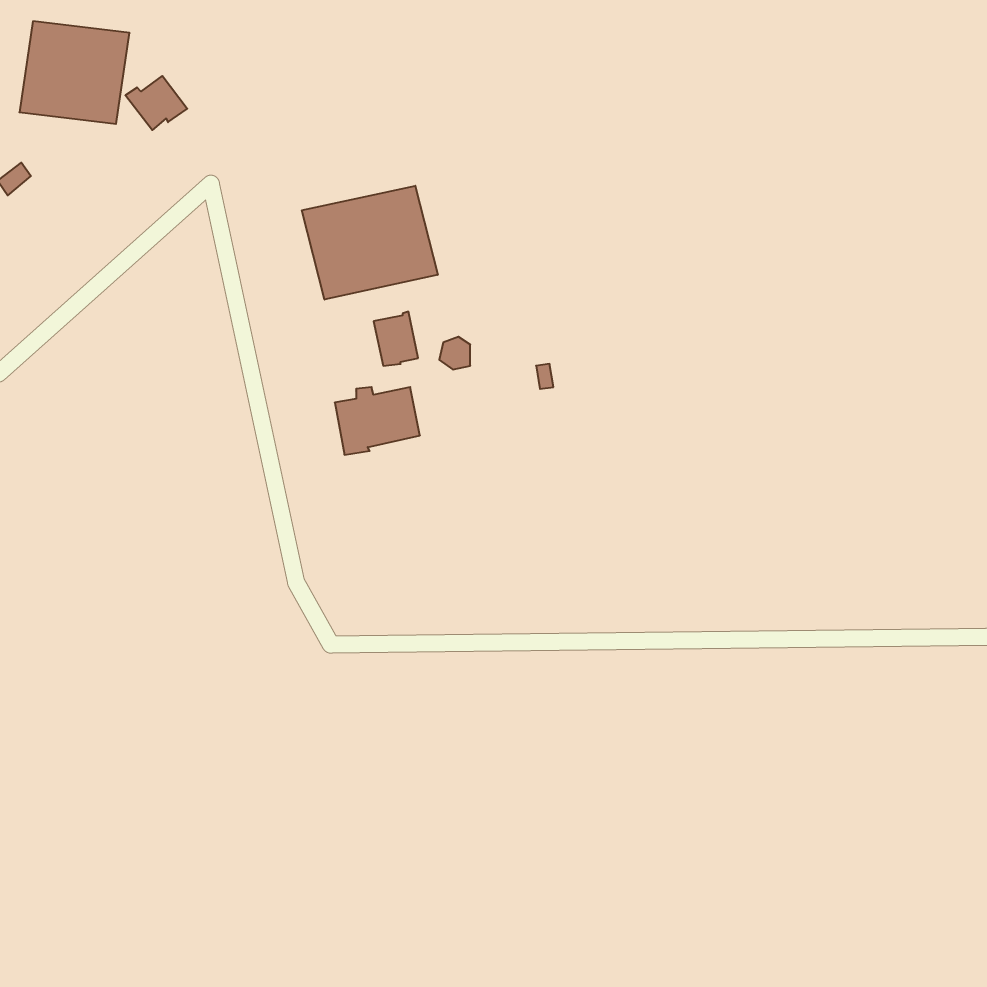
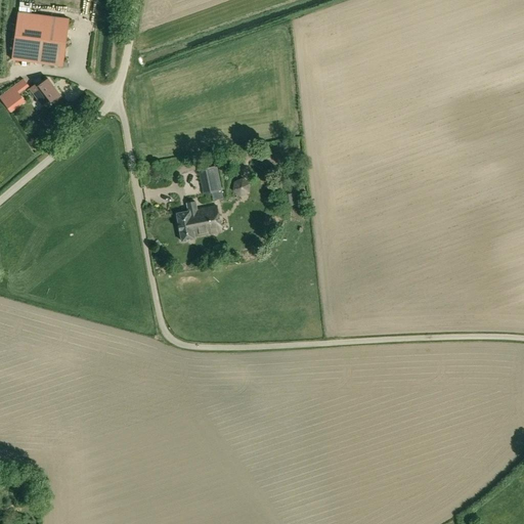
building: [125,76,187,130] -> [28,78,60,106]
building: [302,186,438,300] -> none

